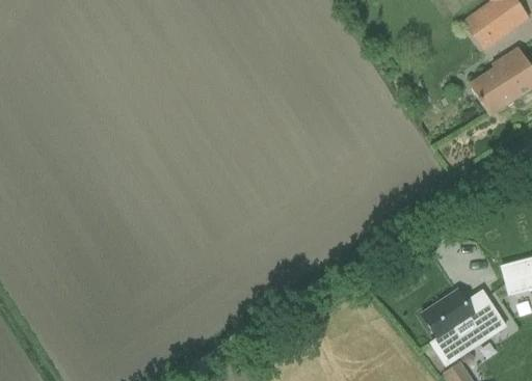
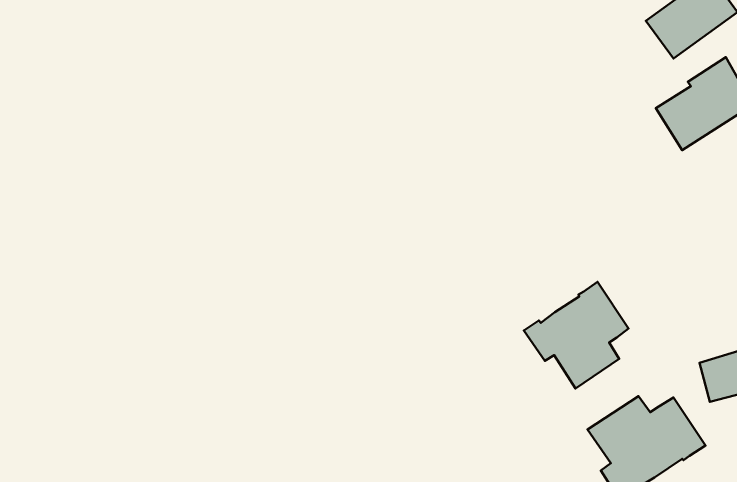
building: none -> [524,282,629,389]

